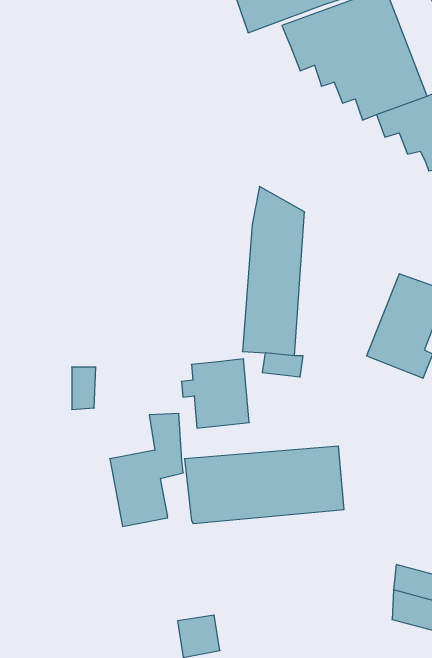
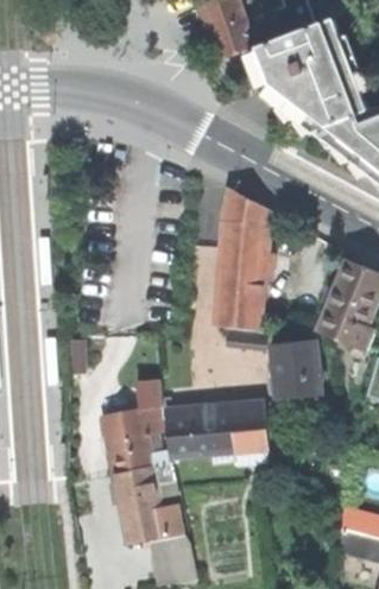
building: [181,359,249,428] -> [263,341,320,399]
building: none -> [113,461,182,544]

